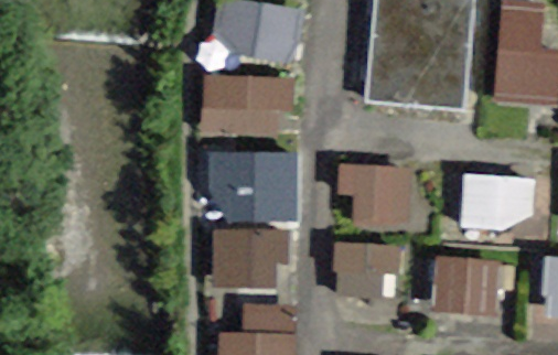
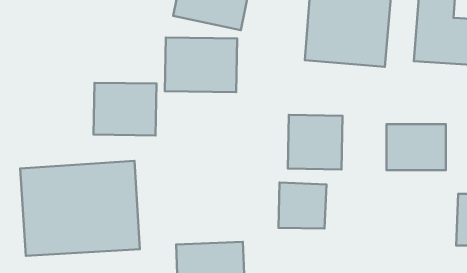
building: [226,152,300,214] -> [94,83,157,135]
building: none -> [20,161,140,256]
building: [211,226,285,288] -> none
building: [432,258,507,314] -> none

